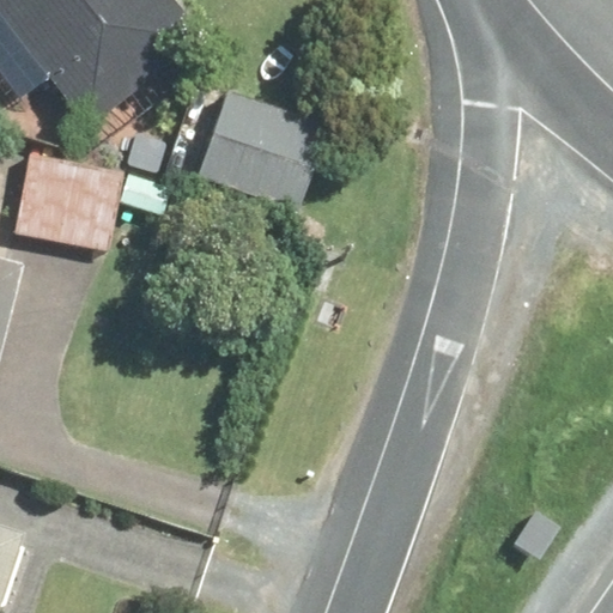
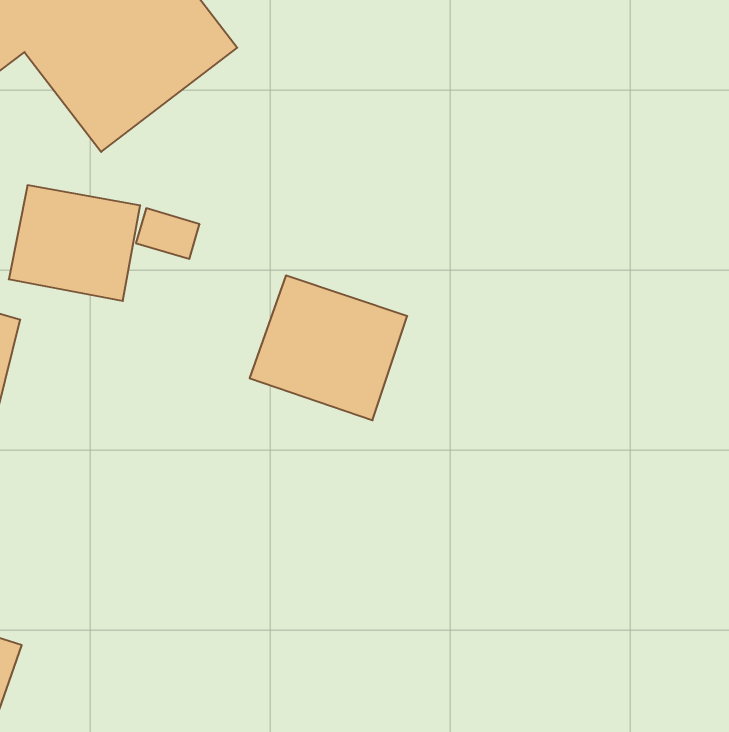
building: [192,90,322,210] -> [250,276,407,420]

